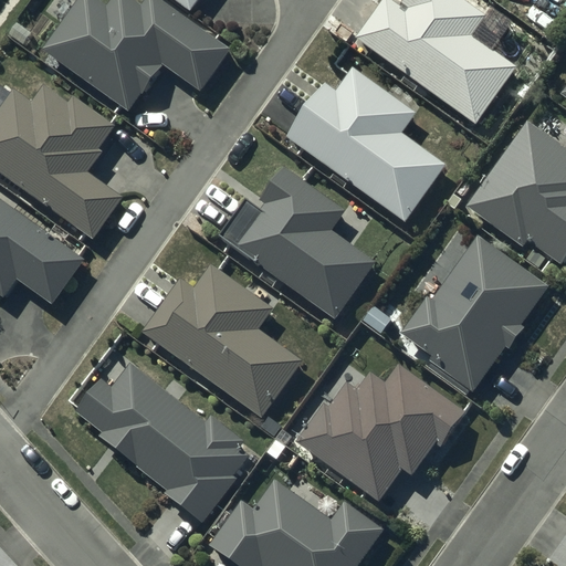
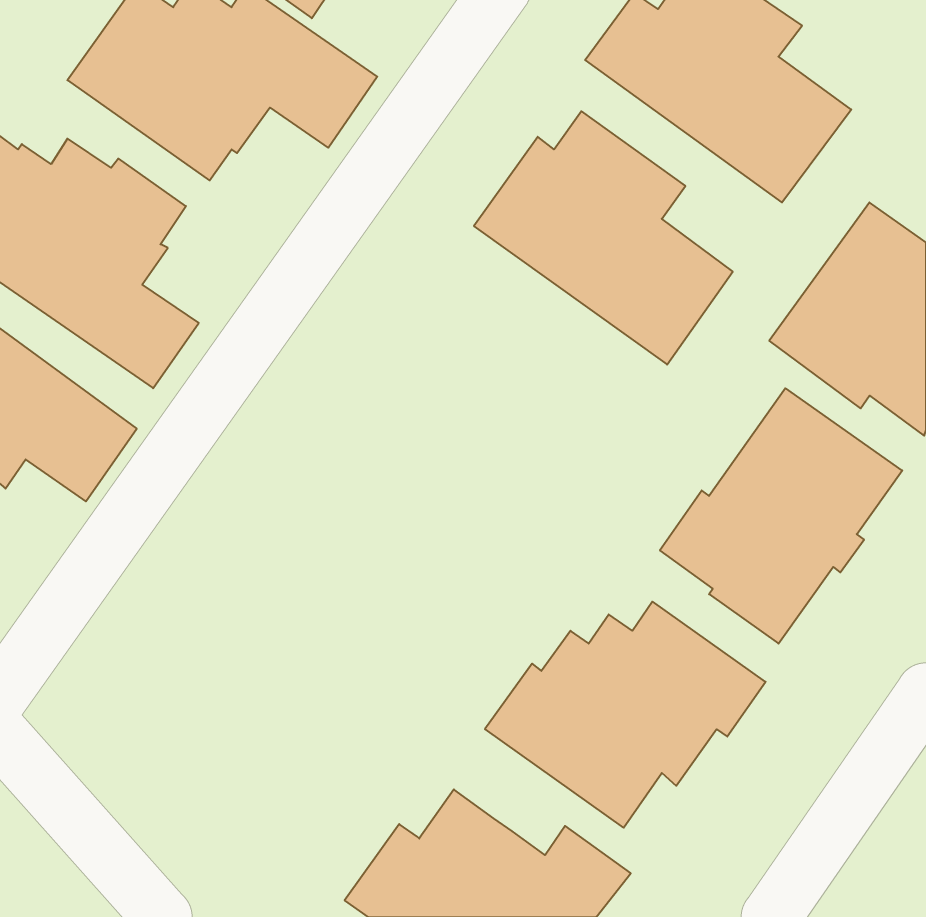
building: [218,166,375,318] -> none
building: [142,263,301,417] -> none
building: [76,364,247,522] -> none

